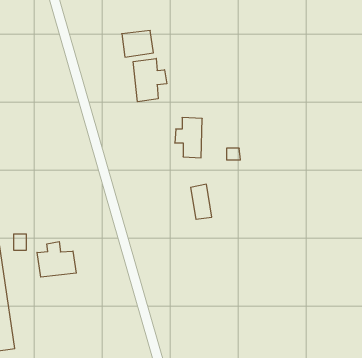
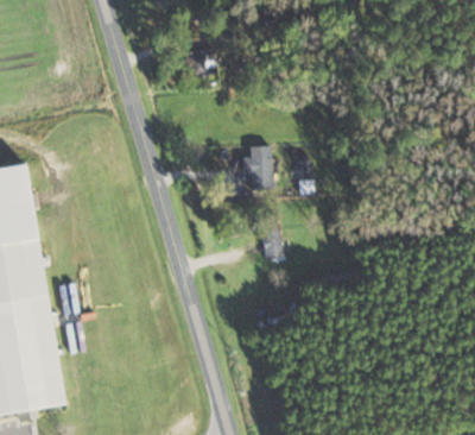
building: [133,58,167,102] -> none
building: [37,242,76,277] -> none

